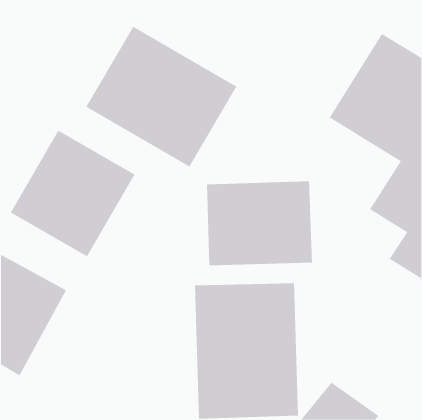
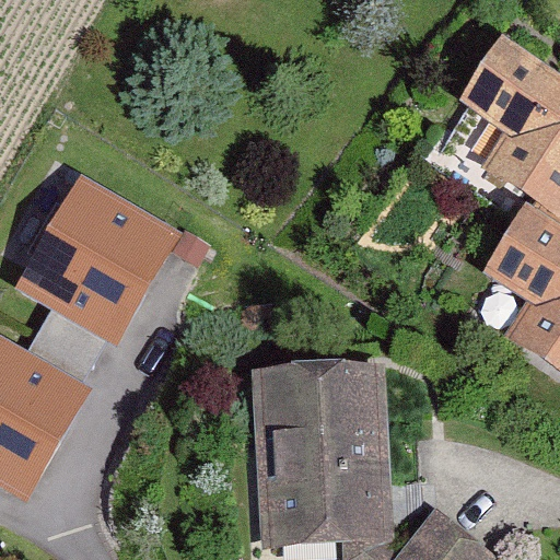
building: [85,26,237,168] -> none
building: [207,181,312,266] -> none

